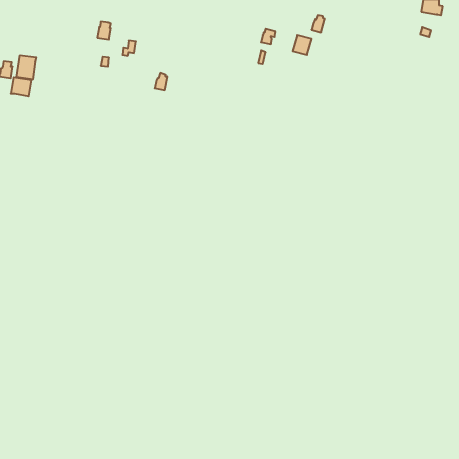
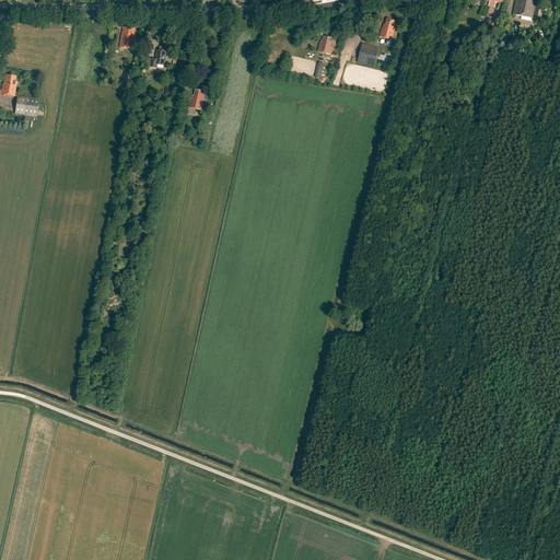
building: [17,55,36,79] -> none

